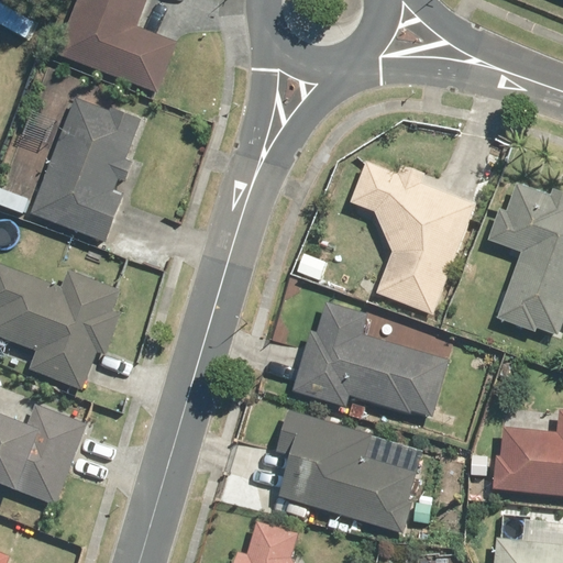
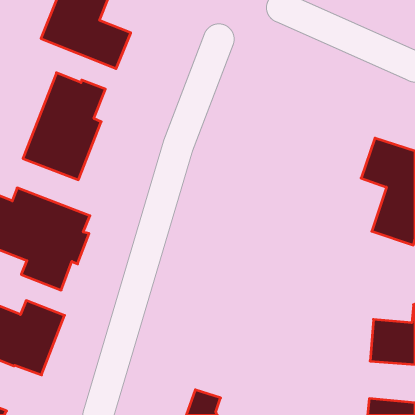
building: [349,163,473,311] -> none
building: [298,302,442,413] -> none
building: [278,407,420,529] -> none

